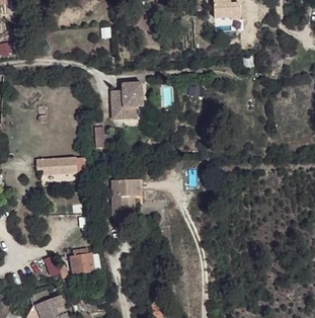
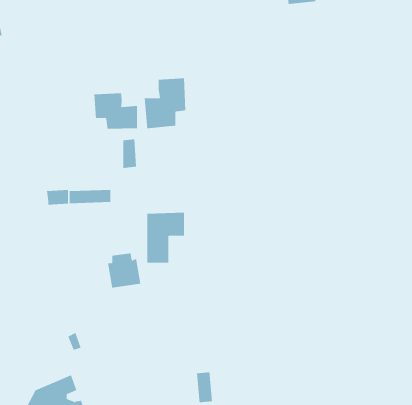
building: none -> [94,92,138,130]
building: [70,247,94,272] -> [107,253,141,288]

